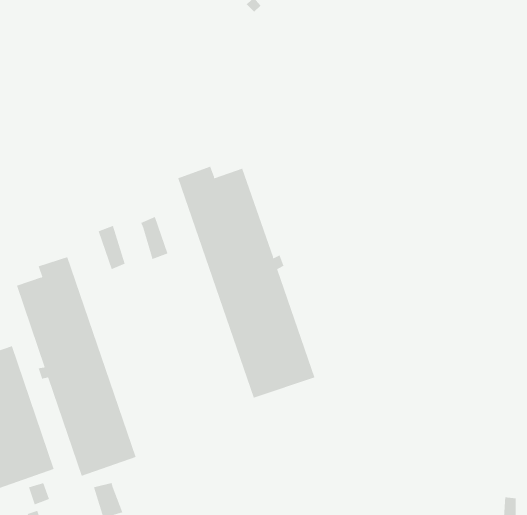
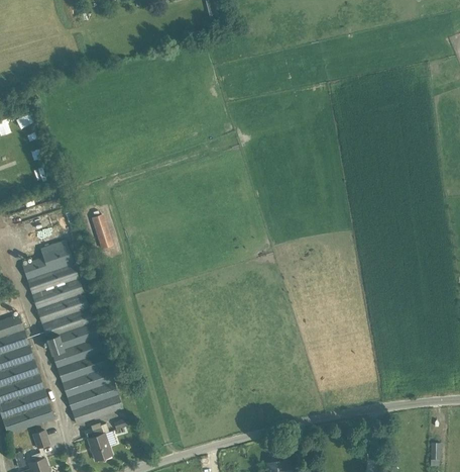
building: [177,166,315,399] -> none
building: [141,216,168,260] -> none

